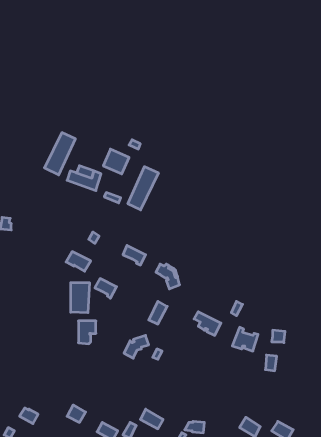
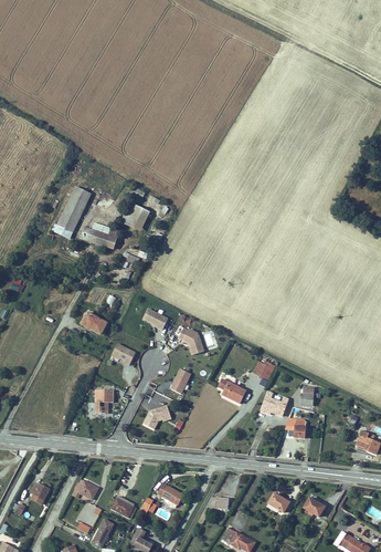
building: [128,167,158,210] -> none
building: [71,283,89,313] -> none

